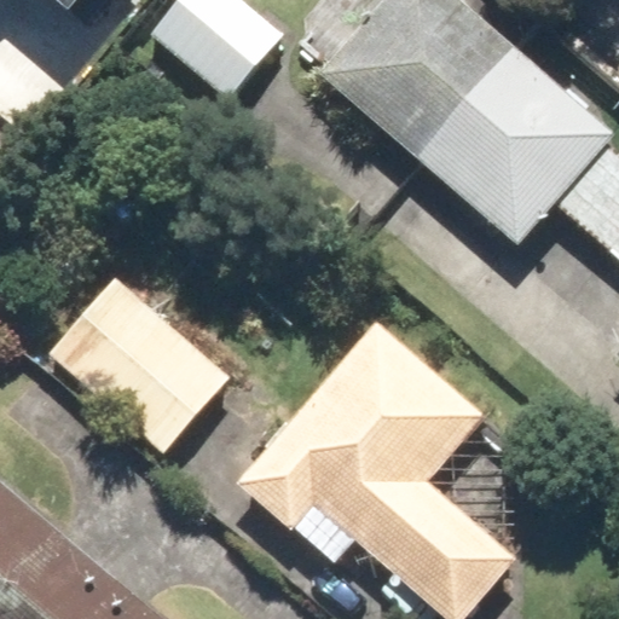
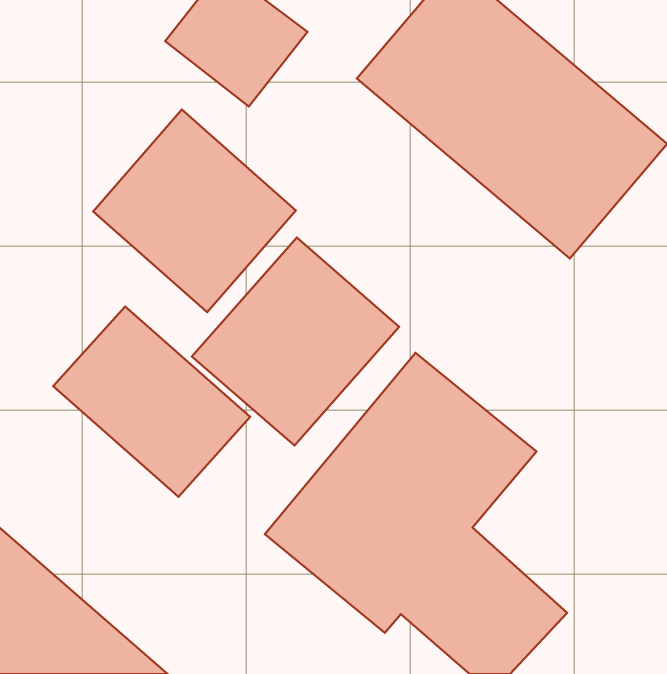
building: none -> [93,110,296,312]
building: none -> [192,238,399,446]

